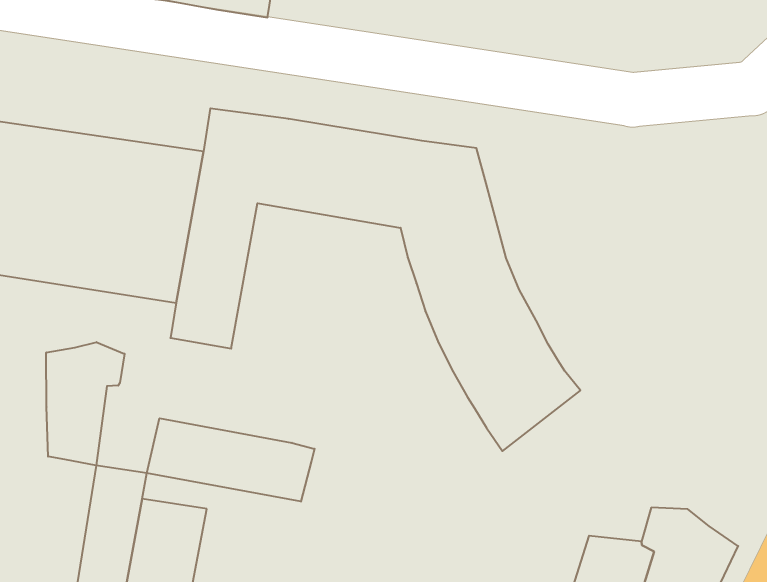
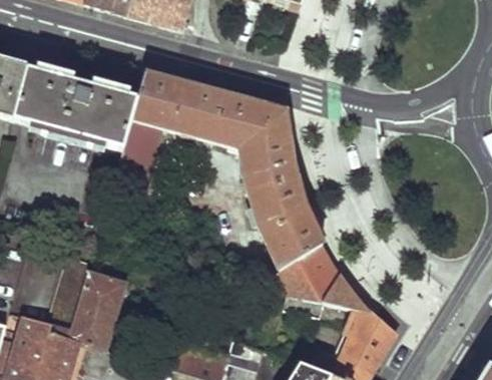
building: [46,342,125,466] -> none
building: none -> [277,242,373,314]
building: [147,418,315,502] -> none

